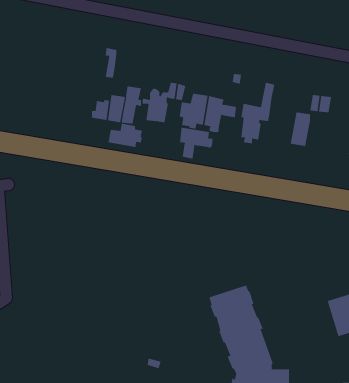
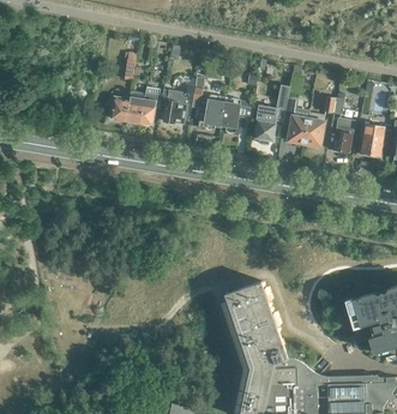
building: none -> [282,98,308,144]
building: none -> [331,118,353,154]
building: [108,123,142,148] -> none
building: [179,127,213,159] -> none

